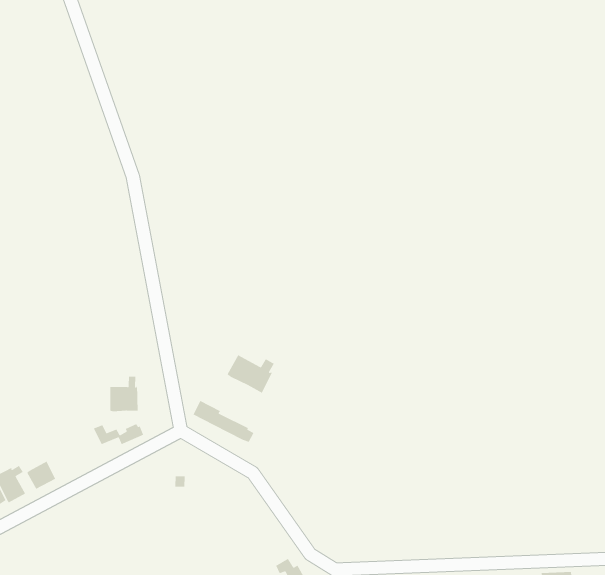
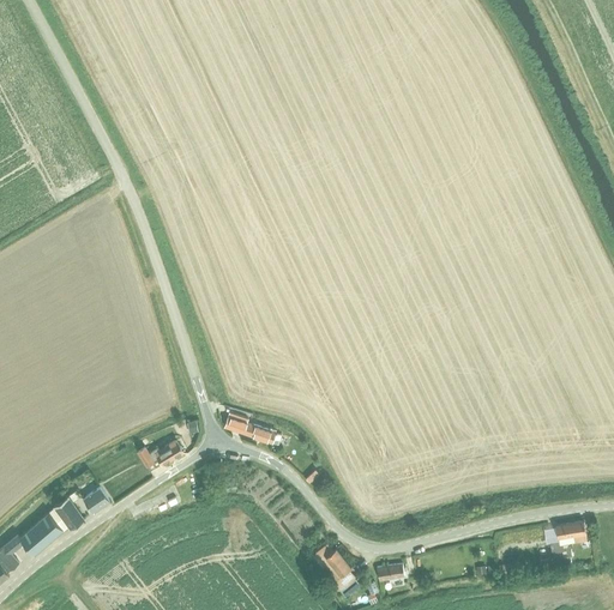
building: [227,354,275,394] -> none
building: [109,376,139,412] -> none

